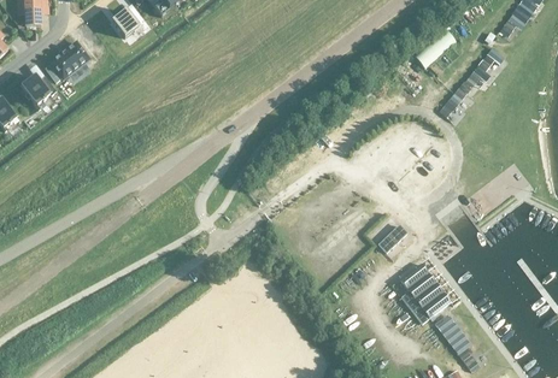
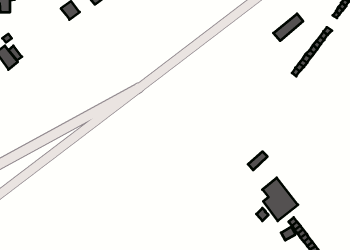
building: [47,42,90,82] -> none

